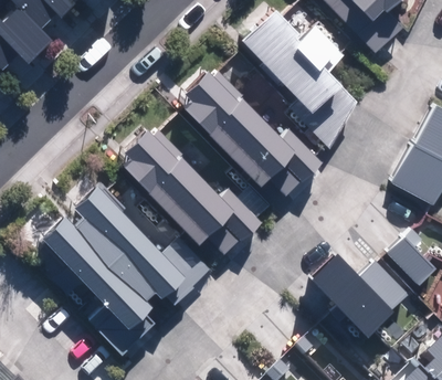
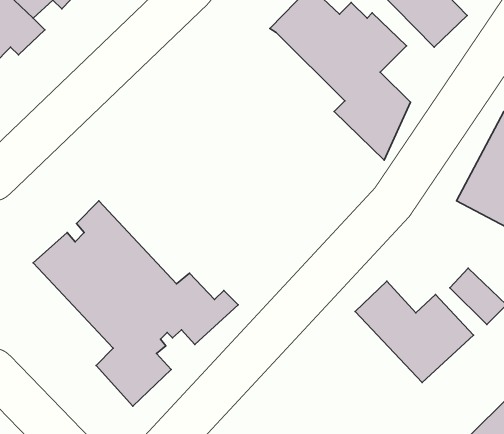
building: [182,68,325,198] -> none
building: [122,127,261,264] -> none

